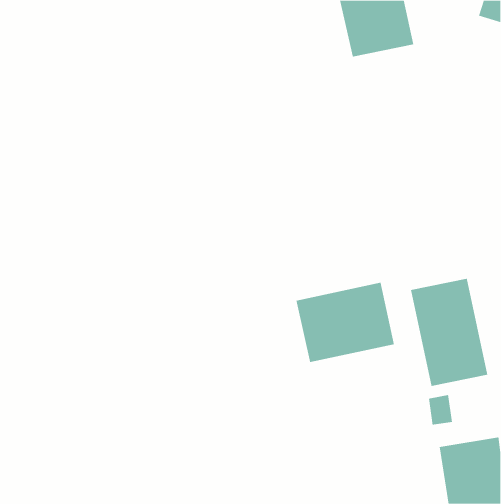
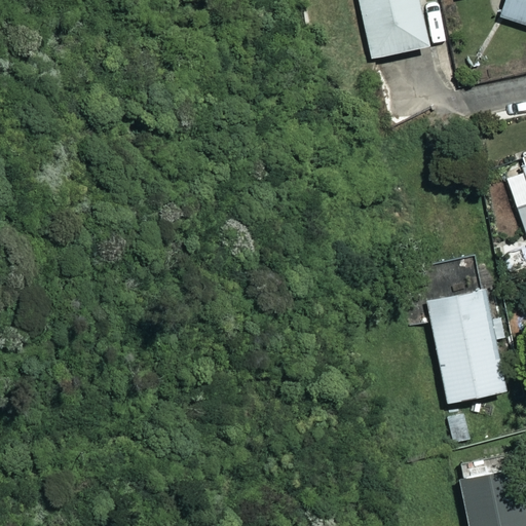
building: [296,282,395,363] -> none

